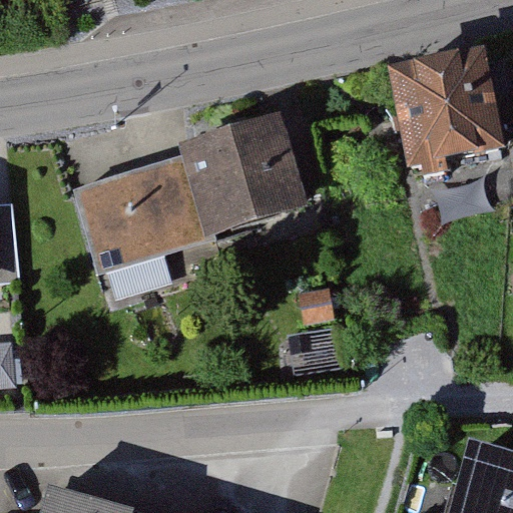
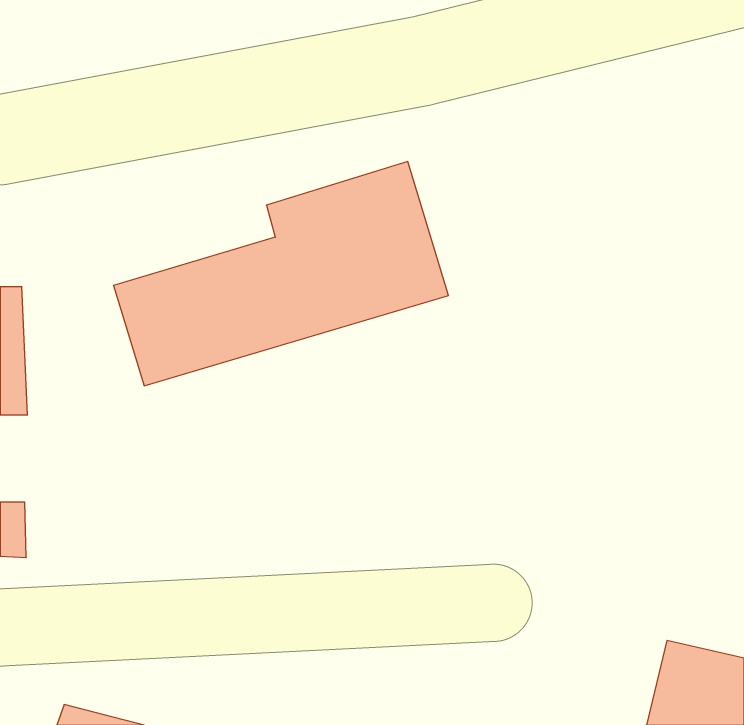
building: [384,50,499,169] -> none

